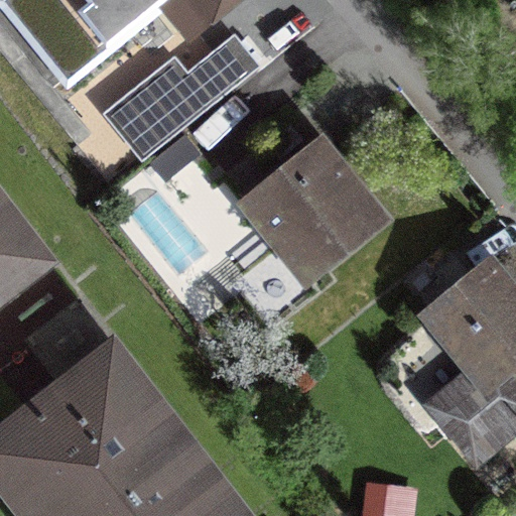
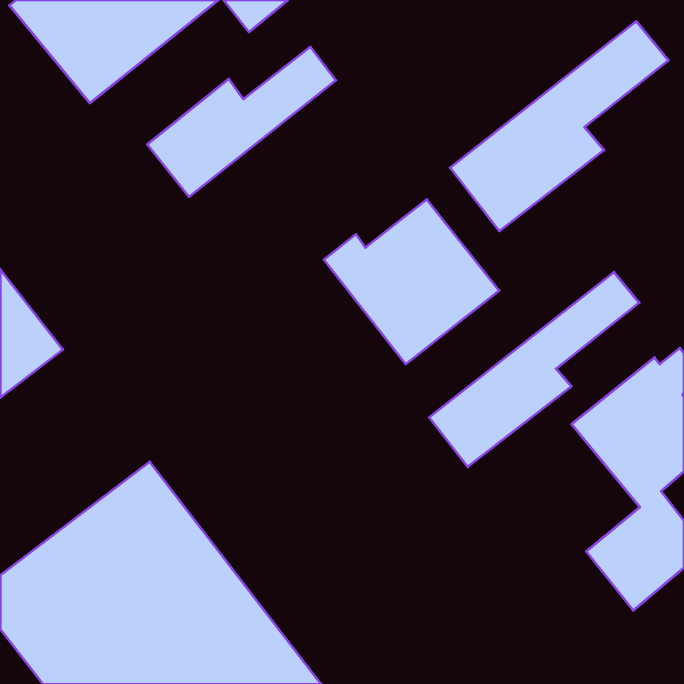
building: none -> [450,21,668,231]
building: none -> [429,272,639,467]

